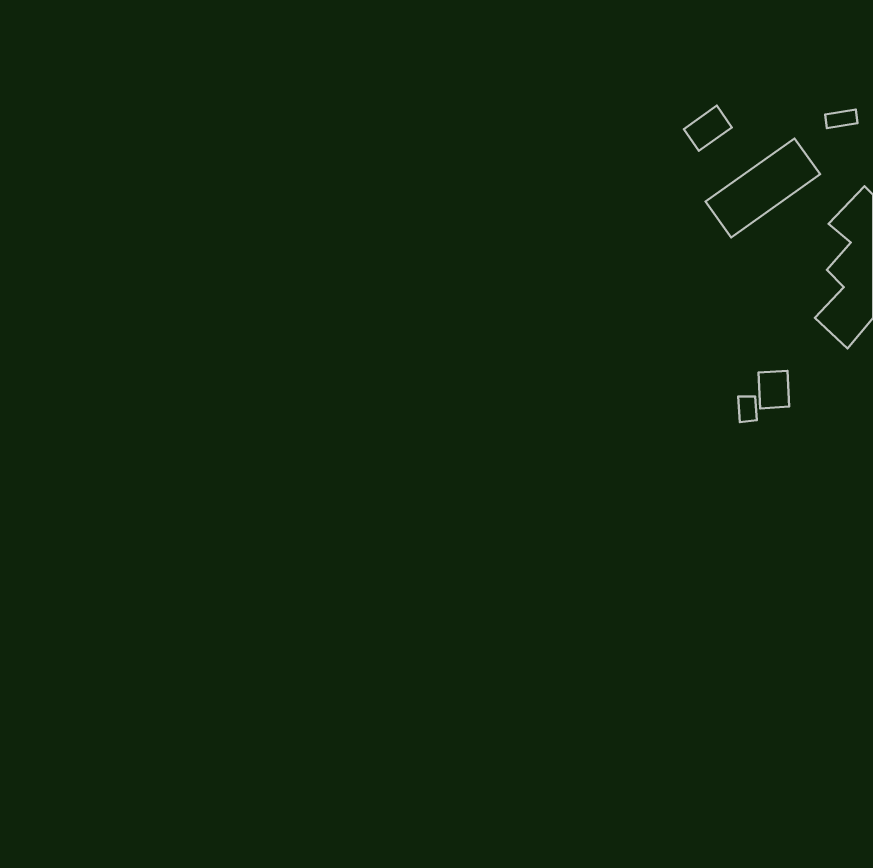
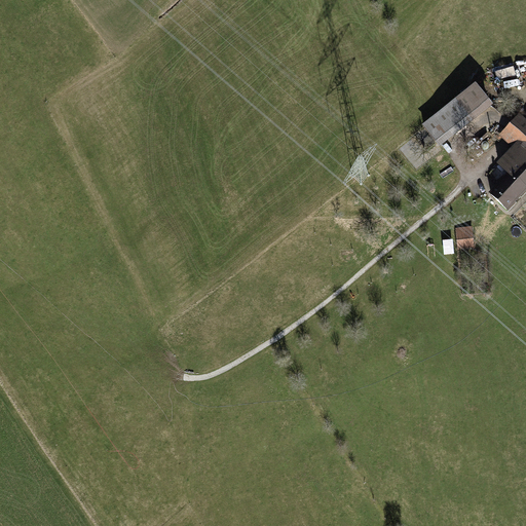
building: [684,106,732,151] -> none

